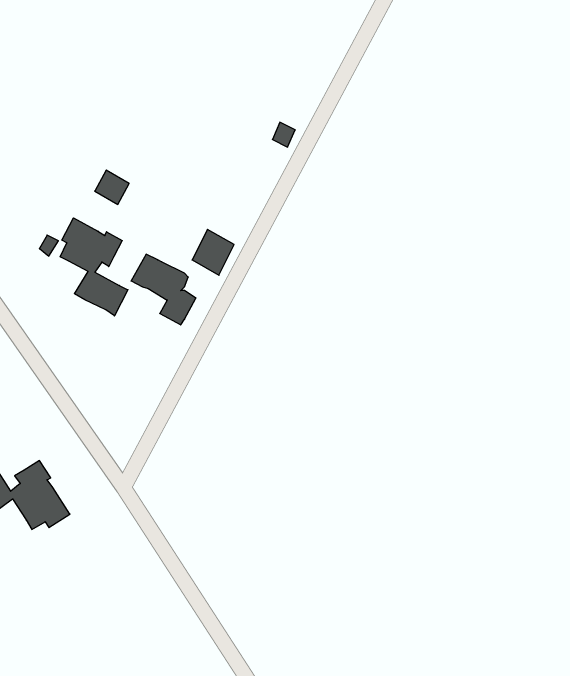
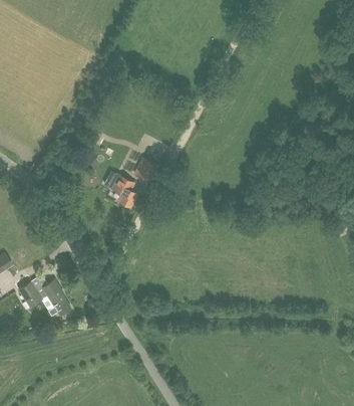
building: [60,218,128,316] -> none

